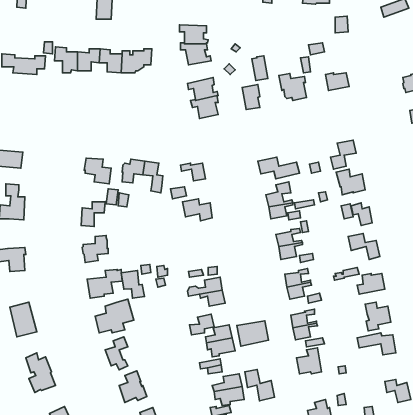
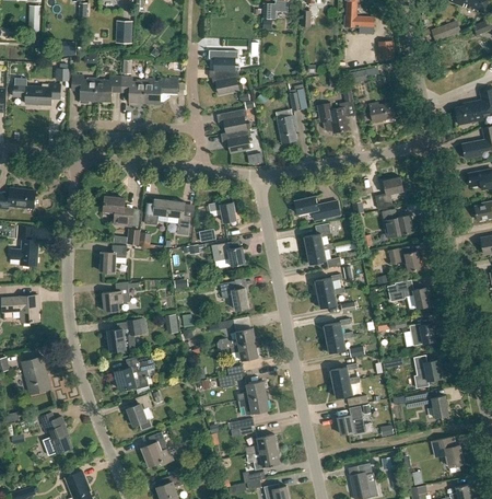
building: none -> [221,281,249,310]
building: [121,271,144,298] -> none
building: [237,321,268,346] -> none
building: [245,369,274,401] -> none

